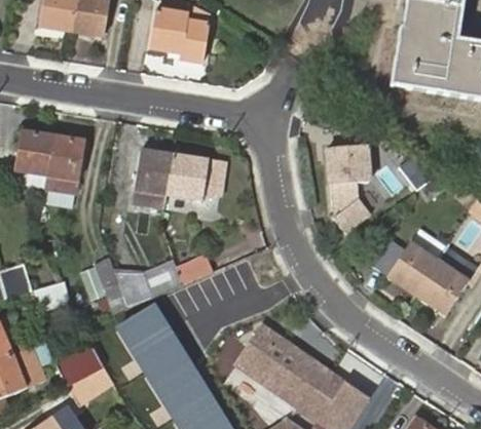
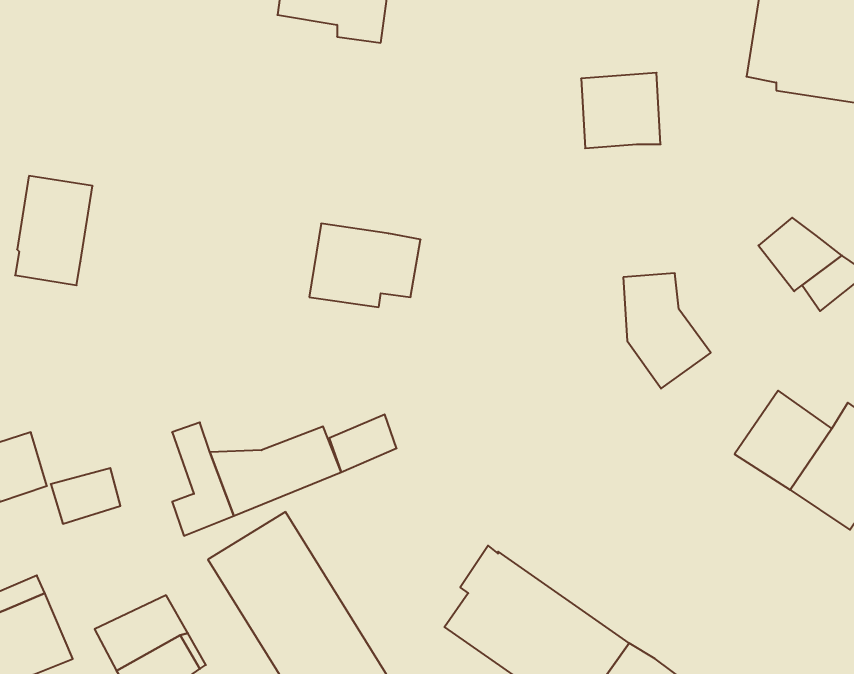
building: [46,135,86,192] -> none
building: [327,144,368,183] -> [581,73,661,148]
building: [134,149,173,205] -> none

